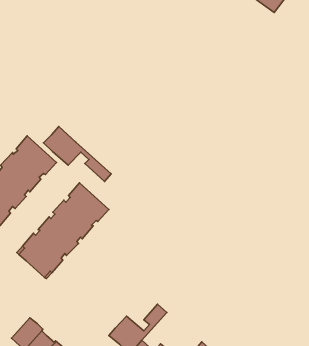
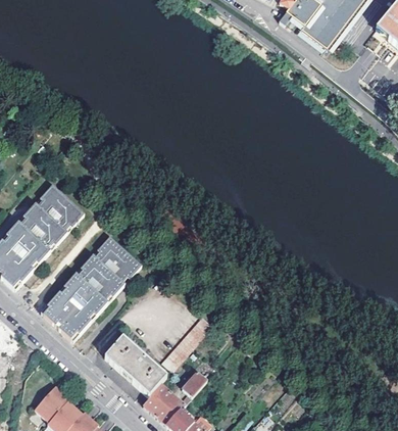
building: [43,127,111,181] -> none
building: none -> [161,316,213,372]
building: none -> [104,336,166,397]

